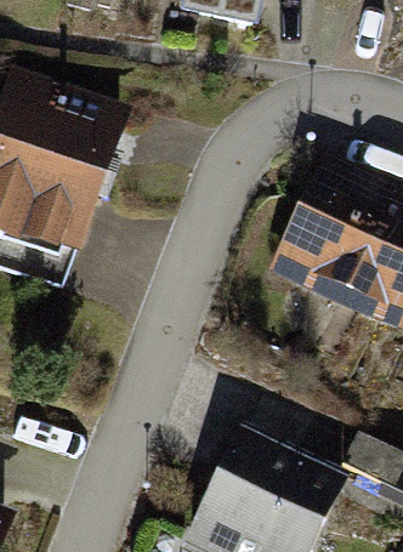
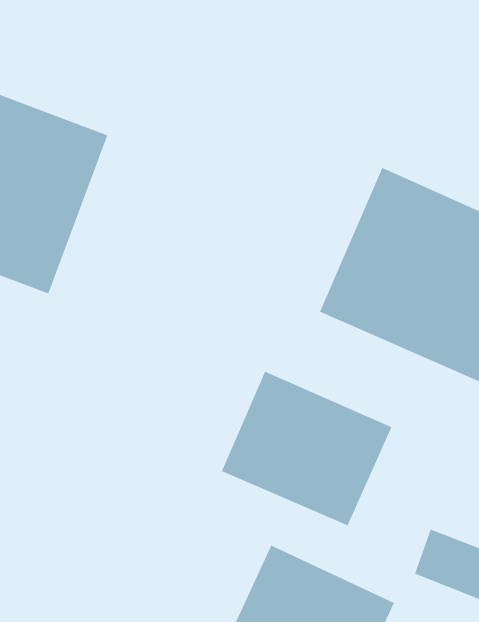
building: none -> [221,371,392,526]

